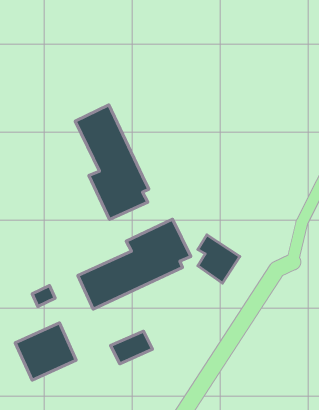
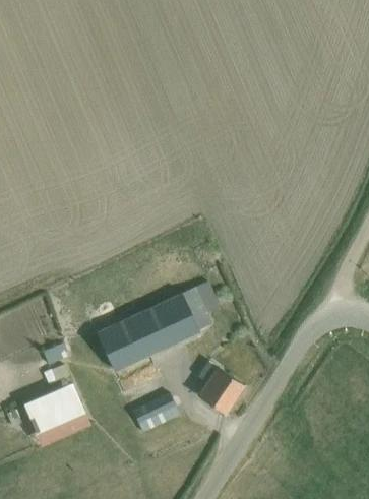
building: [75,105,149,219] -> none
building: [198,235,240,283] -> [198,362,245,416]

